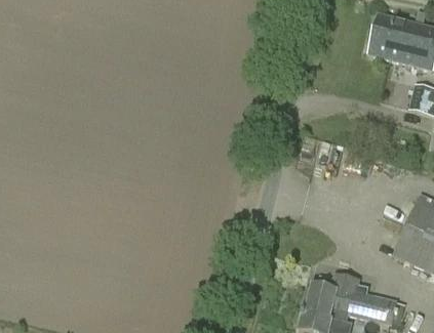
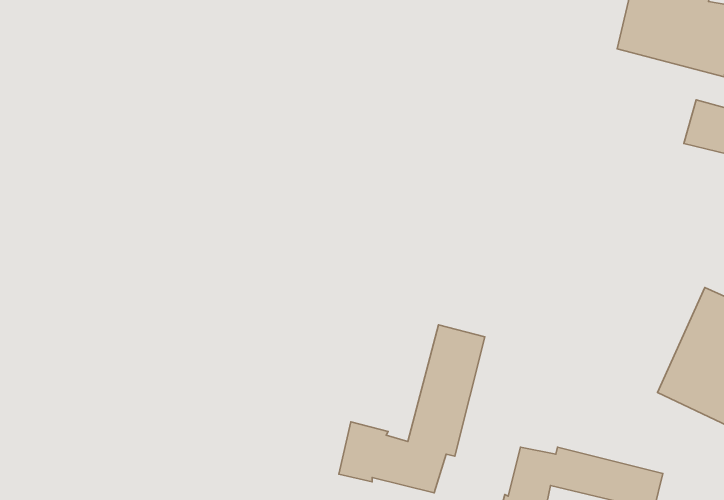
building: none -> [339,325,485,493]

